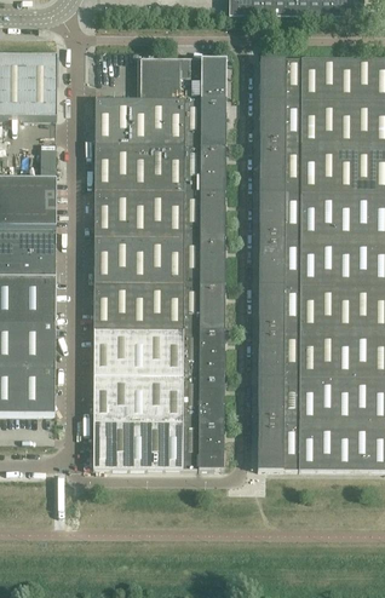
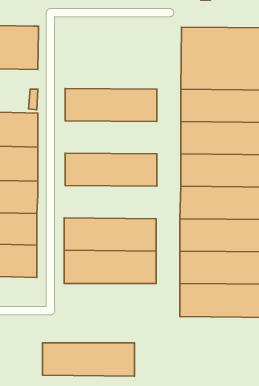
building: [94,56,226,144] -> none
building: [94,189,225,236] -> none
building: [93,281,225,328] -> none
building: [93,420,224,467] -> [43,343,134,376]

